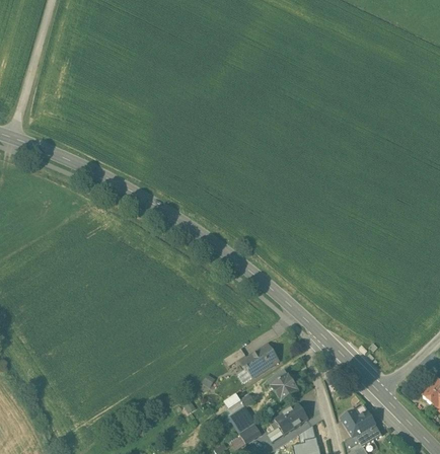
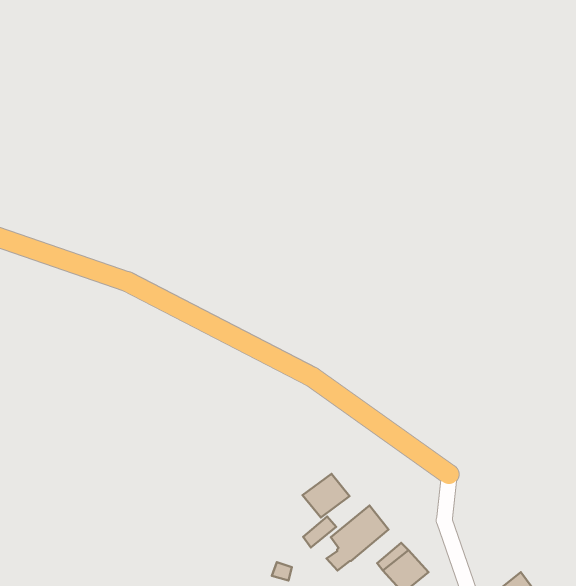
building: none -> [303,474,350,518]

